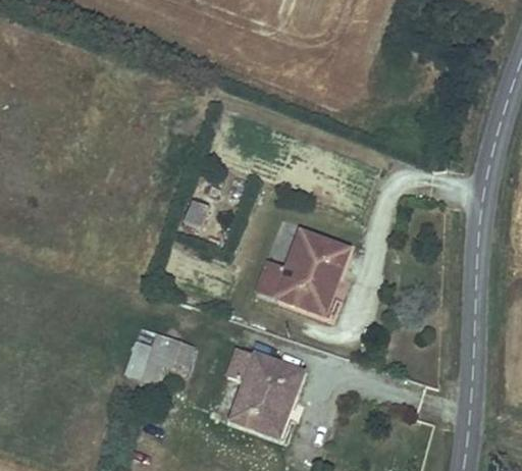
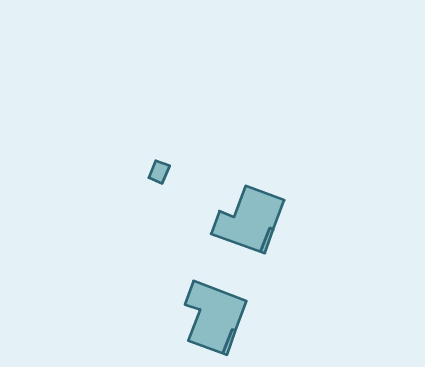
building: [141,332,196,384] -> none

